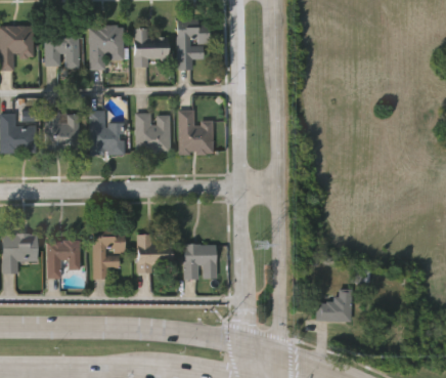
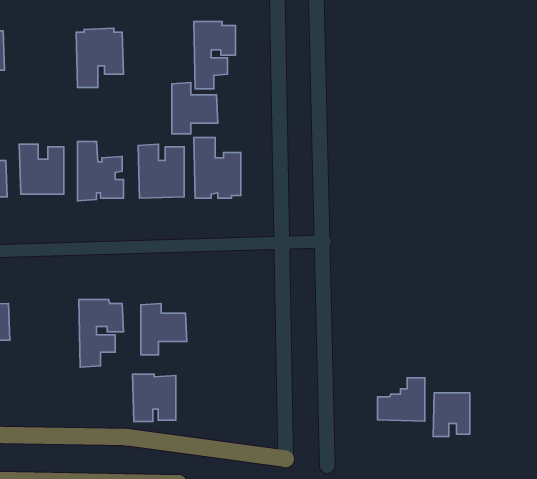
building: [44,29,81,70] -> none
building: [133,29,168,68] -> [172,83,218,134]
building: [48,241,82,280] -> none
building: [184,244,217,280] -> [132,374,176,421]
building: none -> [433,393,470,436]

